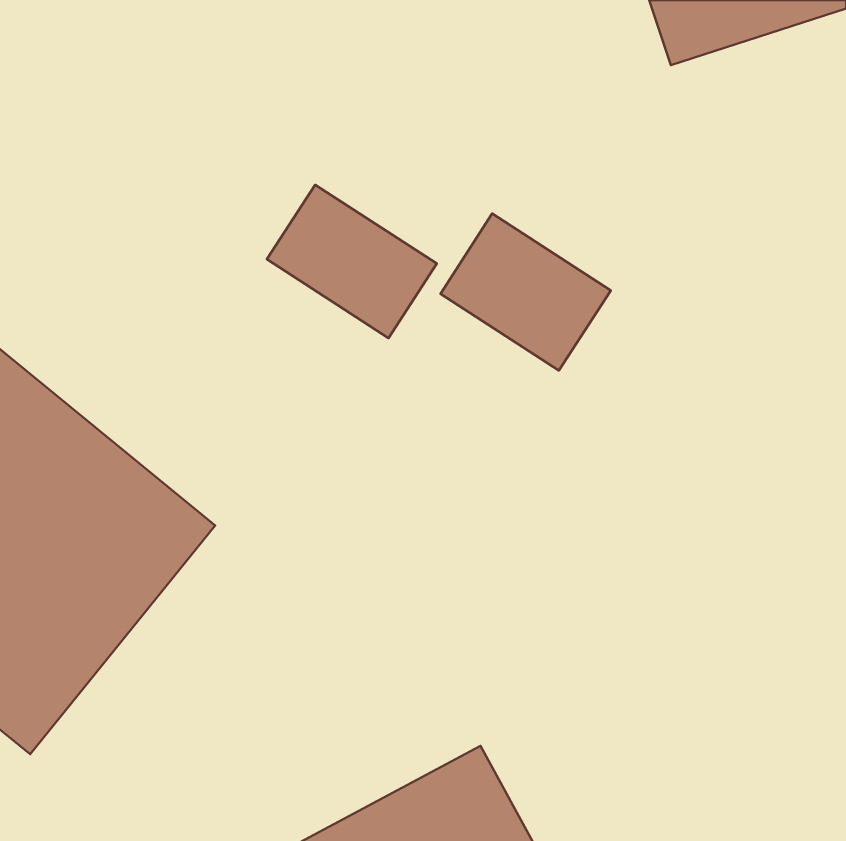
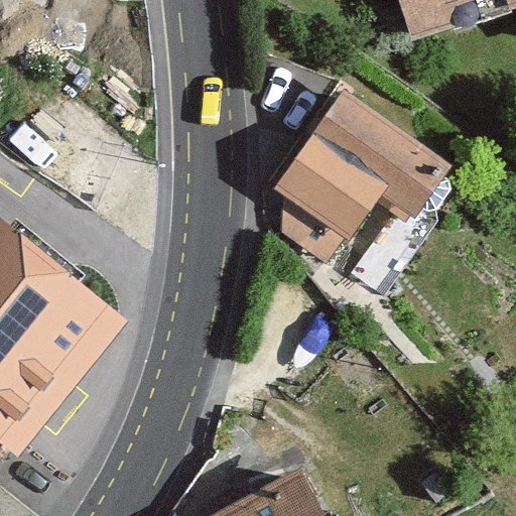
building: none -> [297,85,445,212]
building: [267,185,437,338] -> none

